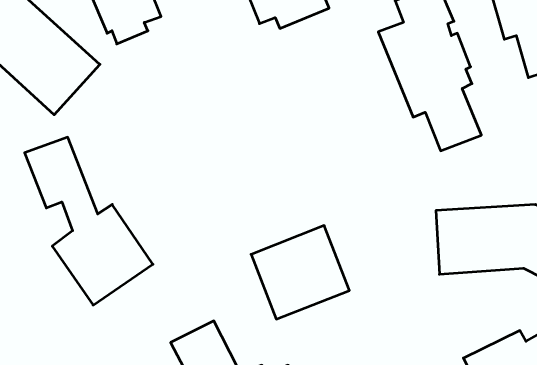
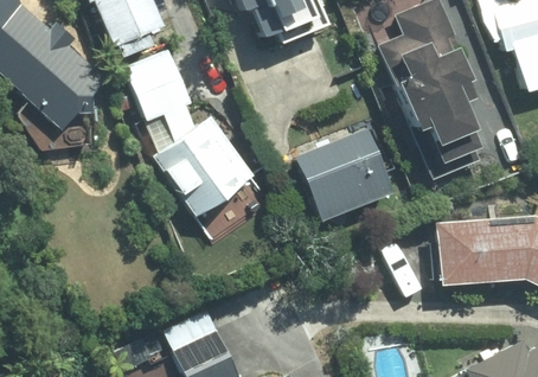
building: [25,137,153,305] -> [127,51,254,217]
building: [251,226,349,319] -> [296,129,393,222]

